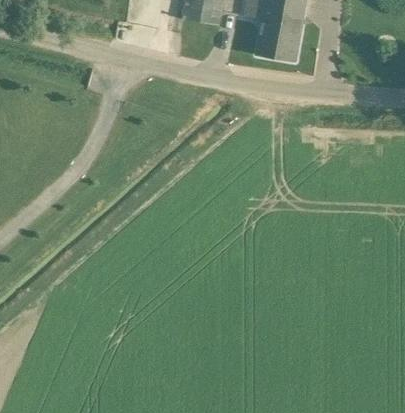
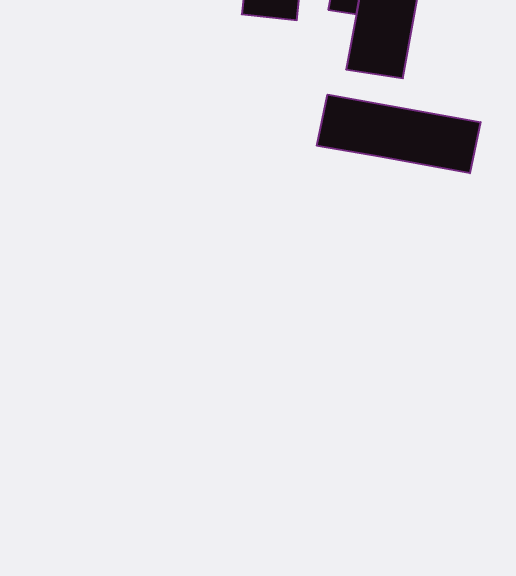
building: none -> [317,95,481,173]

